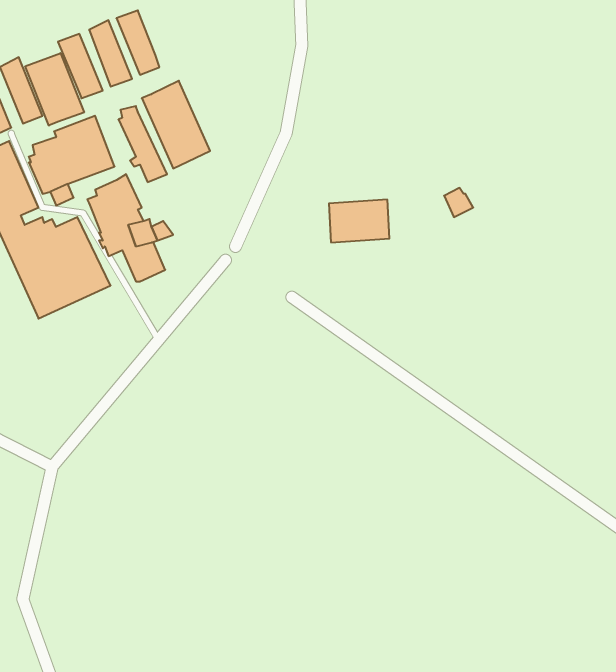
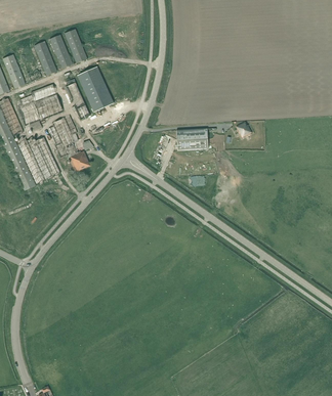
building: [25,53,84,126] -> none

